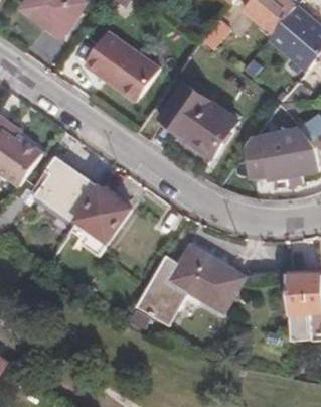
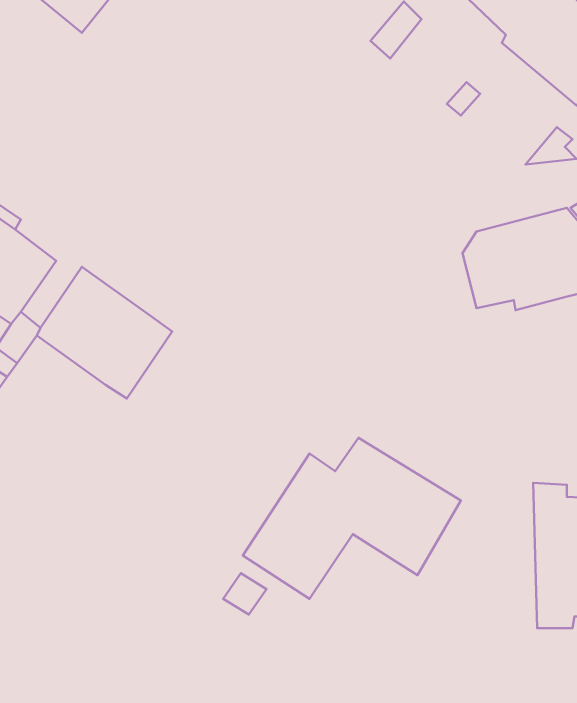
building: [82,28,158,99] -> none
building: [161,84,238,158] -> none
building: [72,184,131,259] -> none

